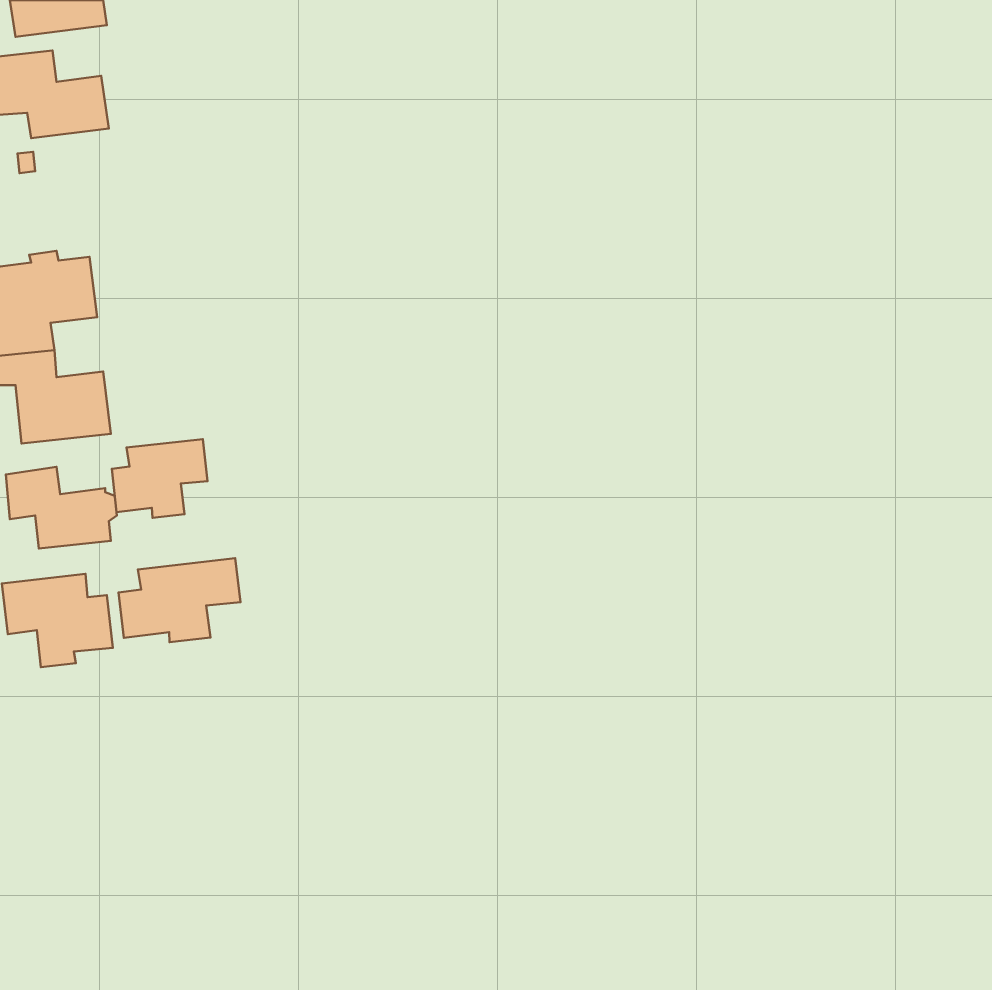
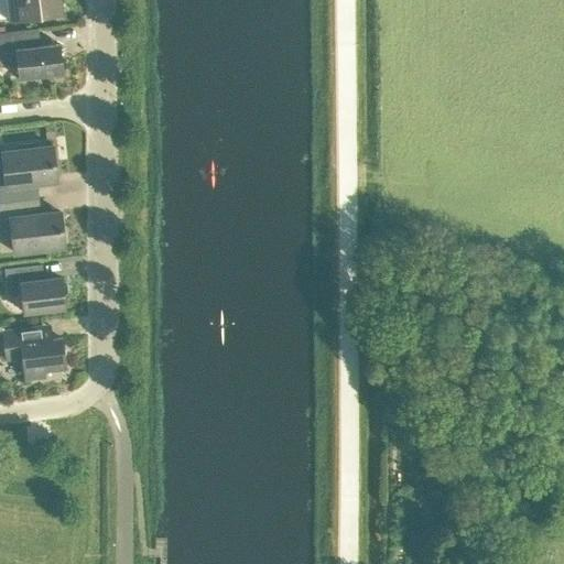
building: [112,439,207,518] -> none
building: [118,558,240,642] -> none

